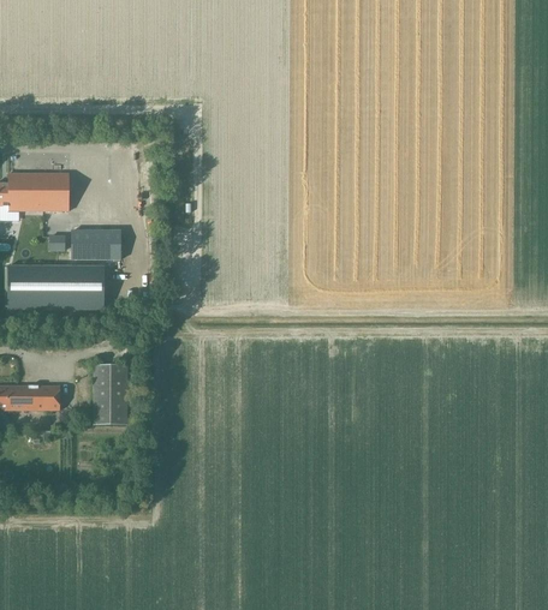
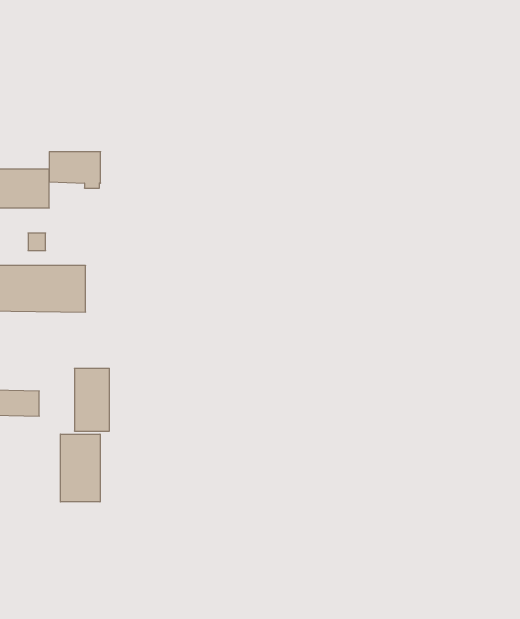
building: [71,229,120,264] -> [49,152,101,188]
building: none -> [60,434,100,502]

